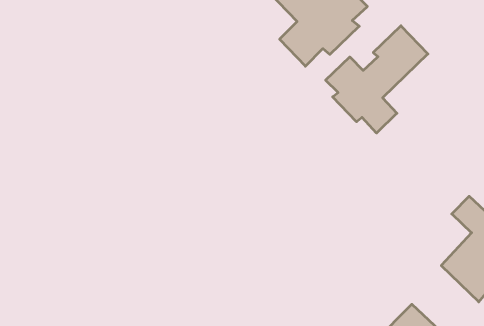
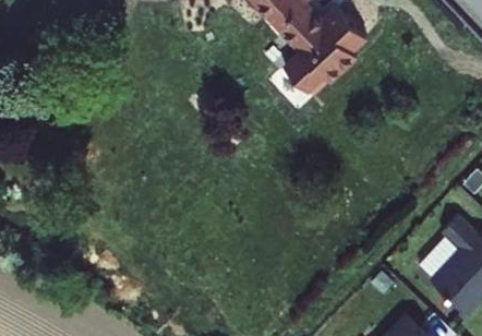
building: [326,26,428,133] -> none

